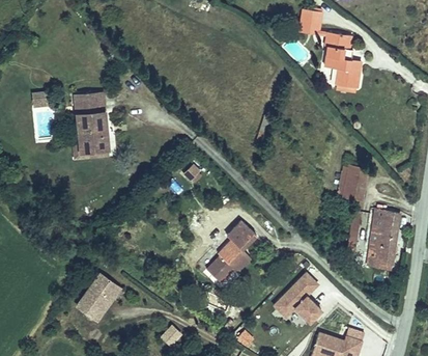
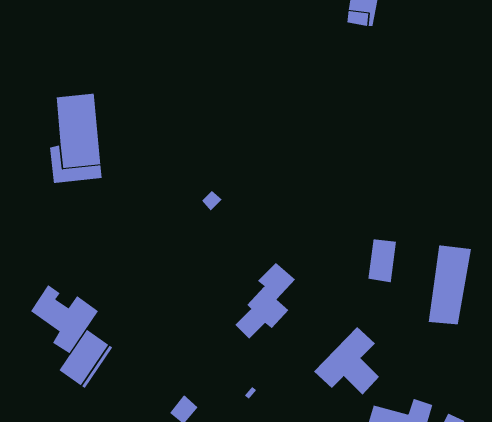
building: [326,36,365,91] -> none
building: [345,168,368,202] -> [368,239,397,283]
building: none -> [30,284,99,354]

